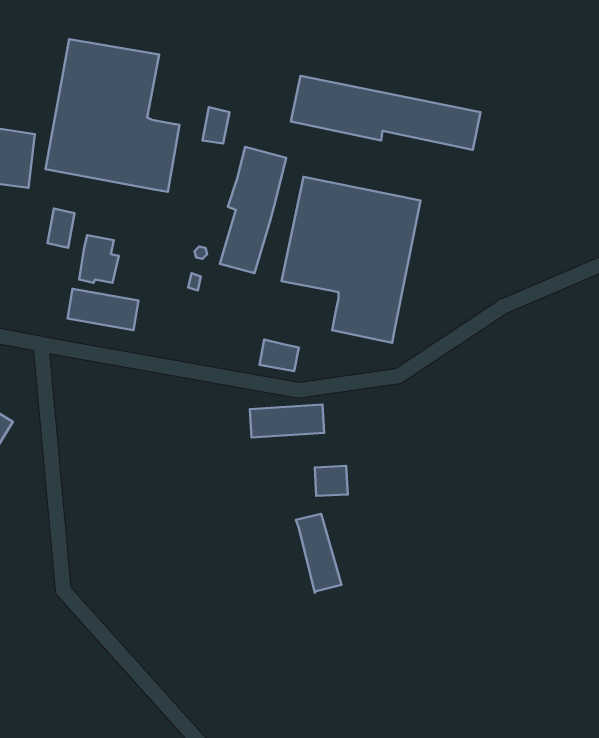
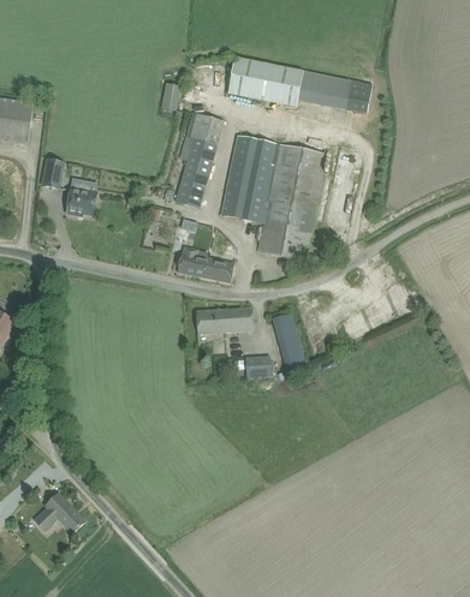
building: [45,39,180,192] -> none
building: [67,289,139,330] -> none
building: none -> [178,247,207,277]
building: [296,514,342,593] -> [272,314,307,374]
building: none -> [32,492,85,533]

